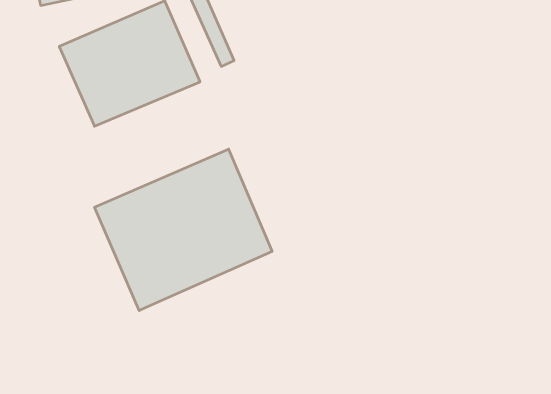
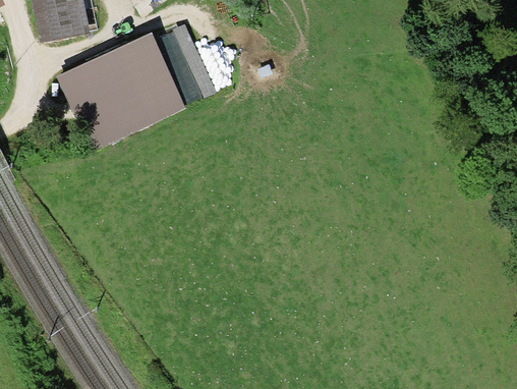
building: [95,149,272,311] -> none

